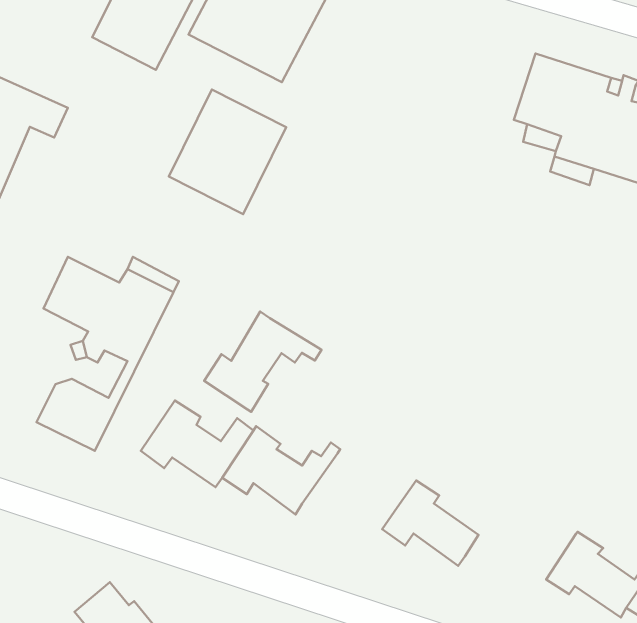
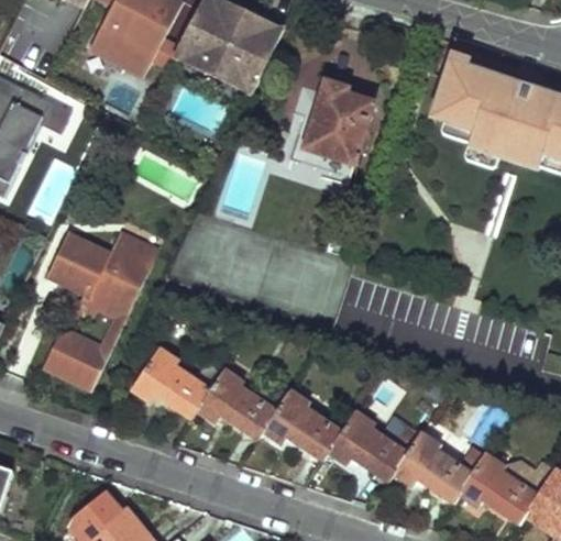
building: none -> [292,84,375,186]
building: [169,89,286,214] -> none
building: [204,312,322,412] -> none
building: none -> [262,389,339,460]
building: none -> [394,432,484,499]

